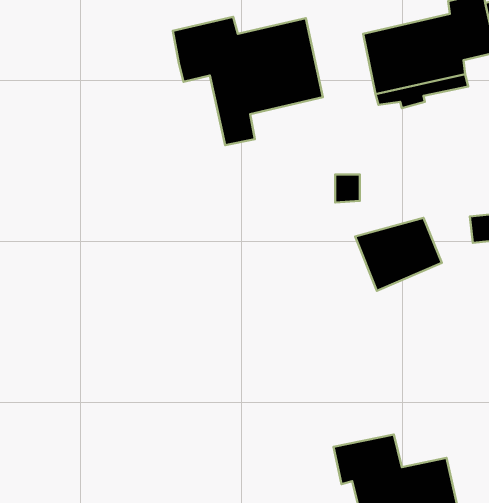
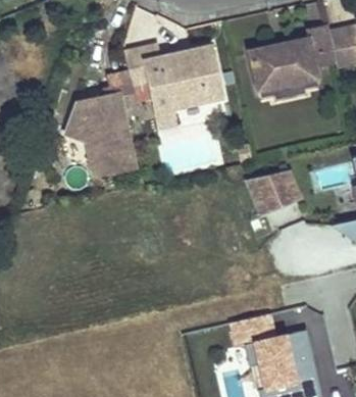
building: none -> [66,69,140,175]

